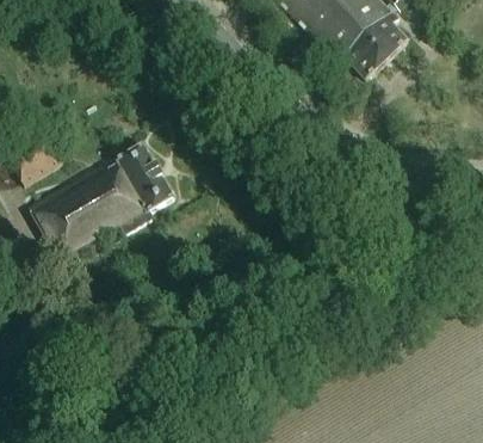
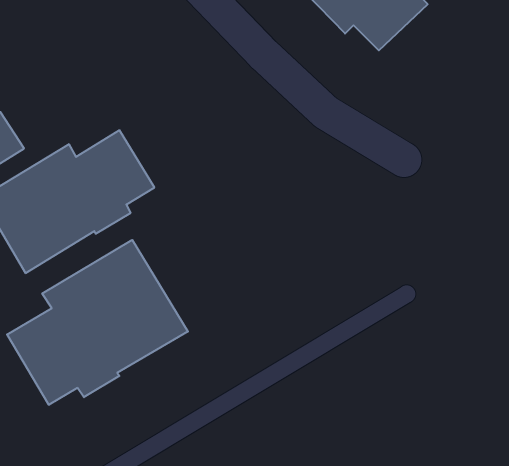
building: none -> [7,240,188,405]

